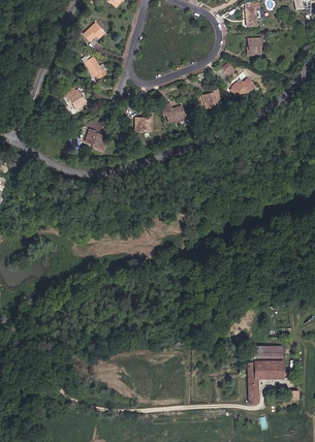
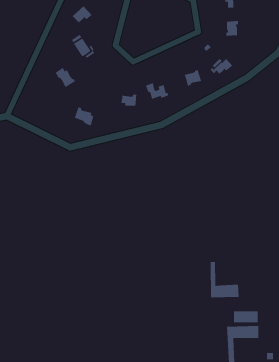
building: none -> [210,261,240,298]

